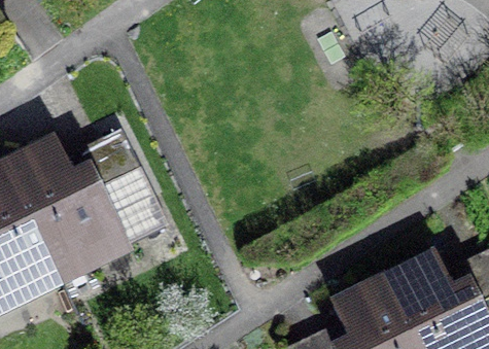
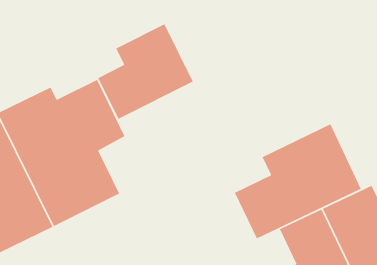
building: none -> [97,23,194,120]
building: none -> [234,123,362,240]

